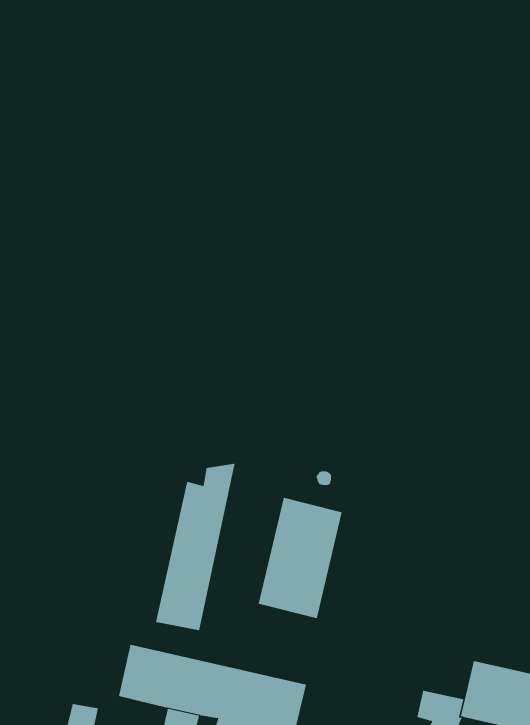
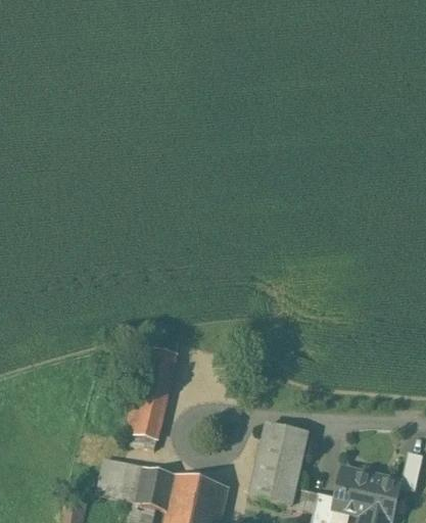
building: [258,497,343,619] -> [251,422,310,506]

